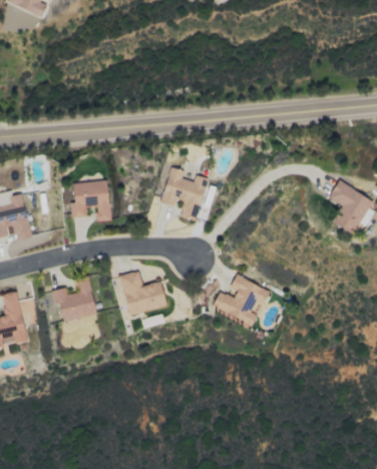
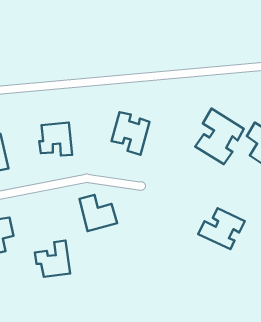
building: none -> [195,108,244,164]
building: [51,276,95,321] -> [35,241,70,277]
building: [212,276,270,327] -> [198,208,245,249]

